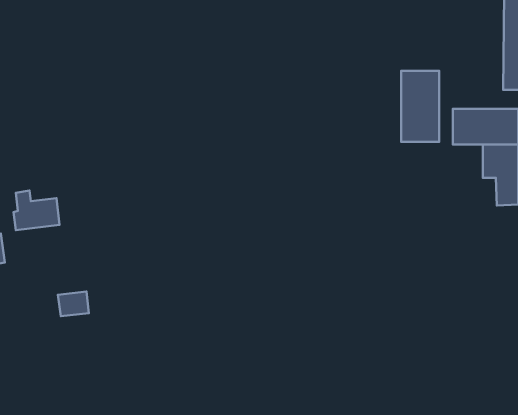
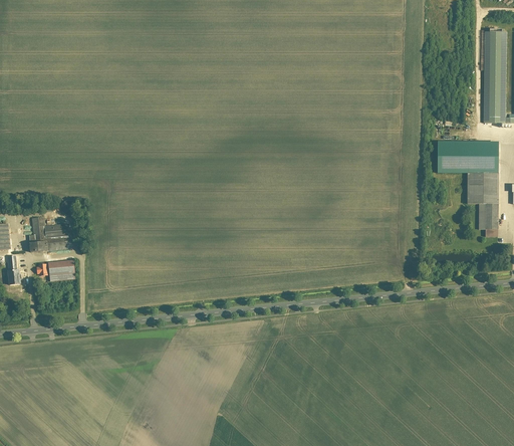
building: [401,71,439,142] -> none
building: [58,292,89,316] -> [44,259,73,282]

